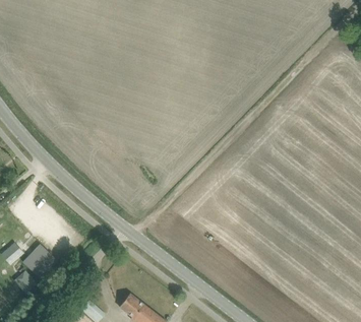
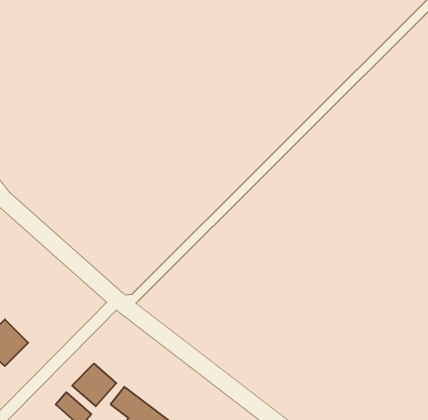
building: none -> [72,364,116,406]

